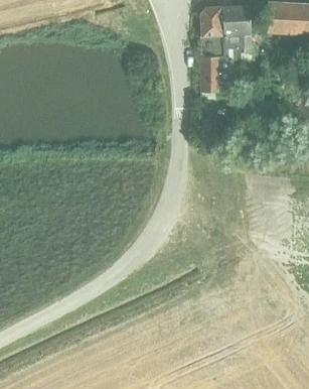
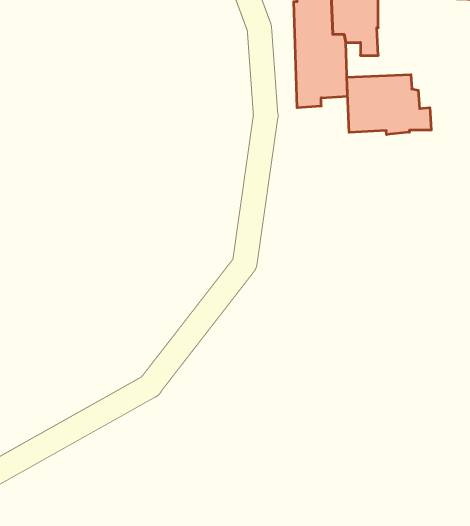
building: none -> [347,75,431,135]

